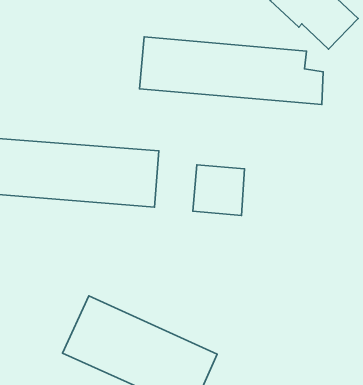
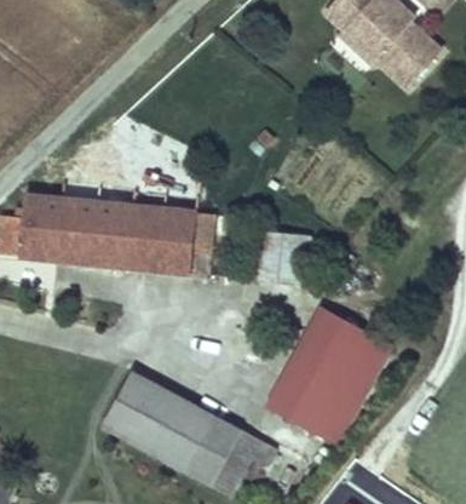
building: [140,37,323,105] -> none
building: none -> [278,307,396,441]

